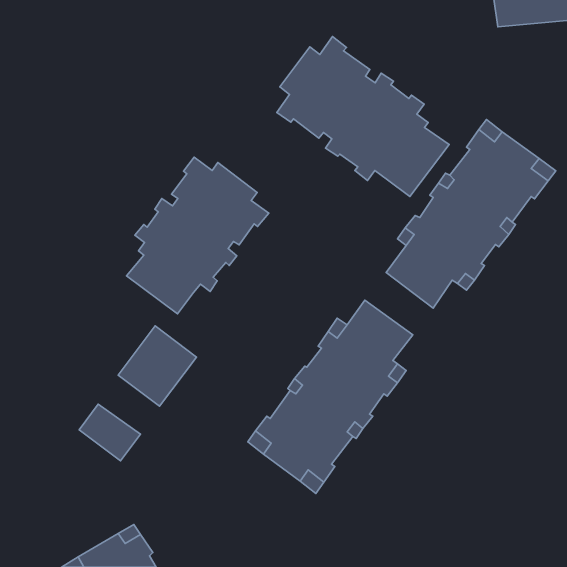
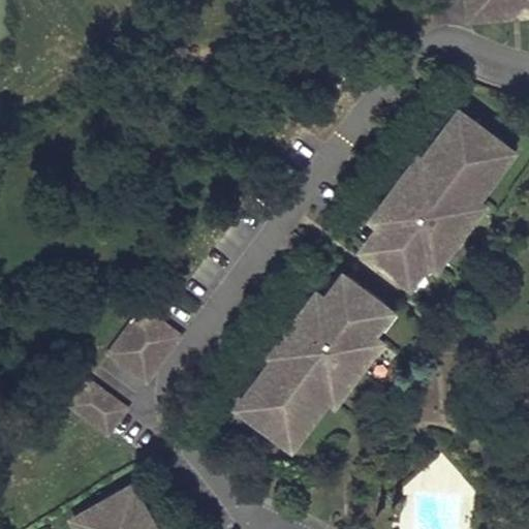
building: [277,37,449,197] -> none
building: [126,157,269,314] -> none

